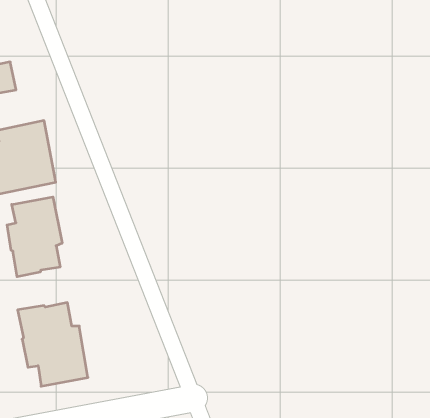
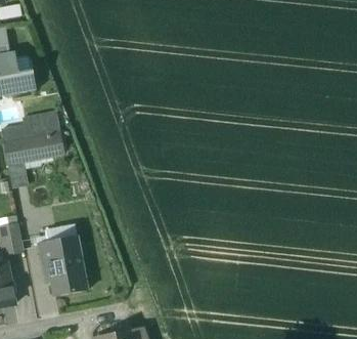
building: [7,197,62,277] -> none

